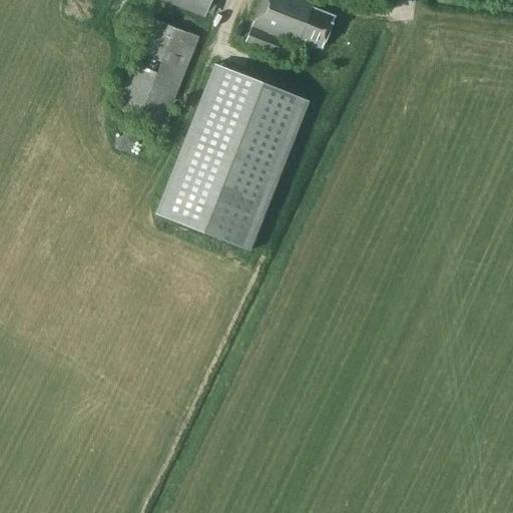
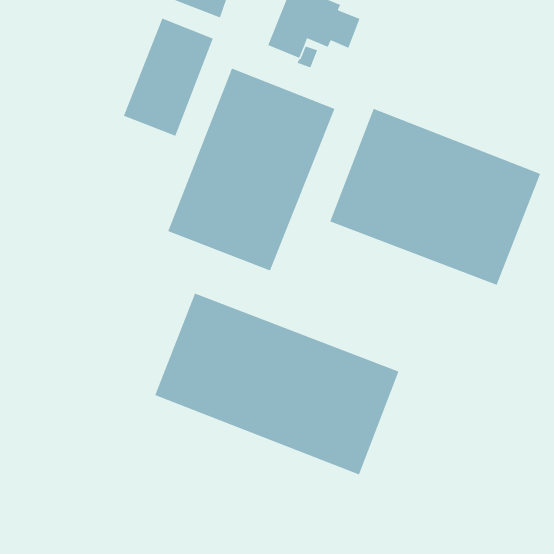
building: none -> [329,108,541,286]
building: none -> [154,293,400,476]

